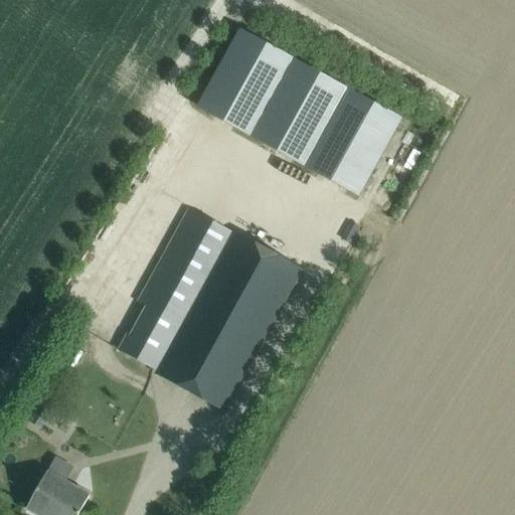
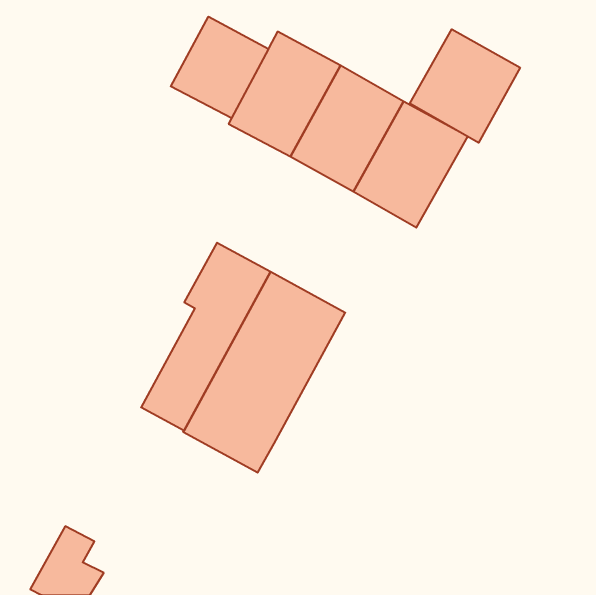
building: none -> [171,17,268,118]
building: none -> [410,29,520,143]

